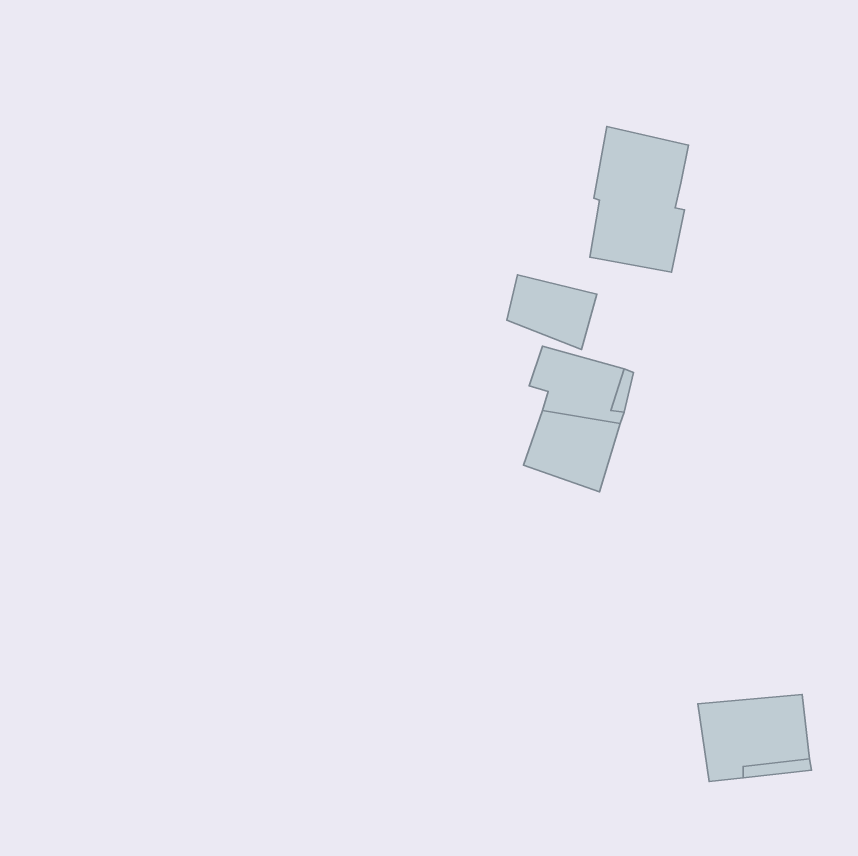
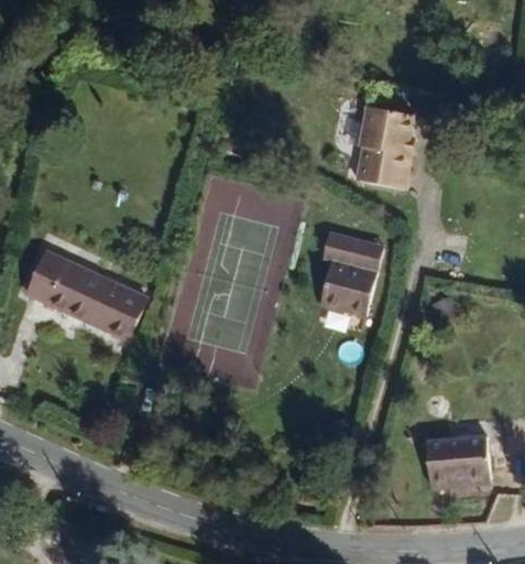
building: [507,275,597,349] -> none
building: none -> [34,249,153,337]

